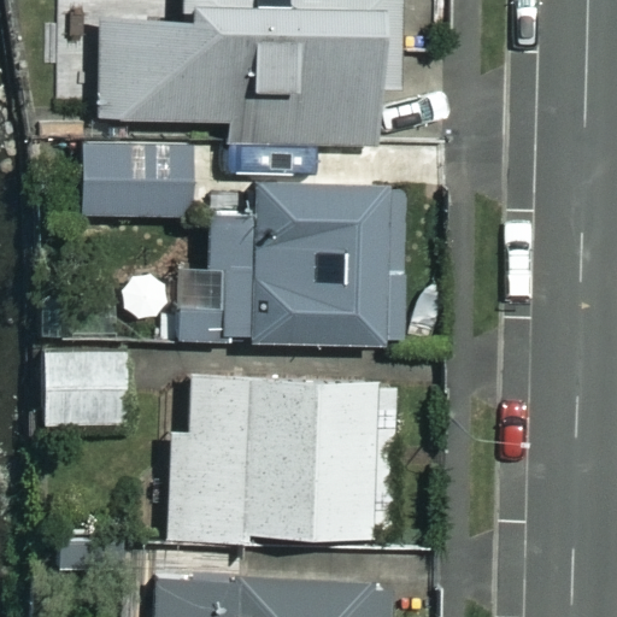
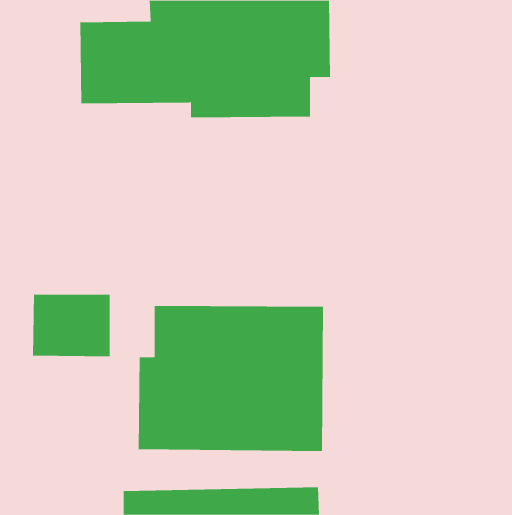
building: [81,142,195,218] -> none
building: [211,188,402,345] -> none

